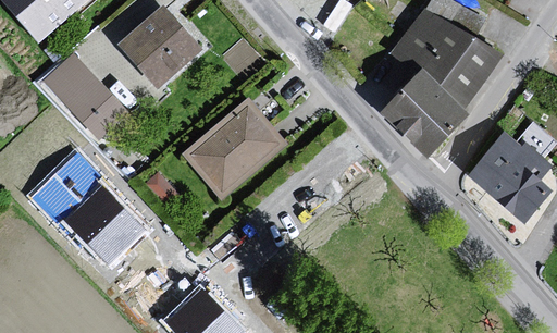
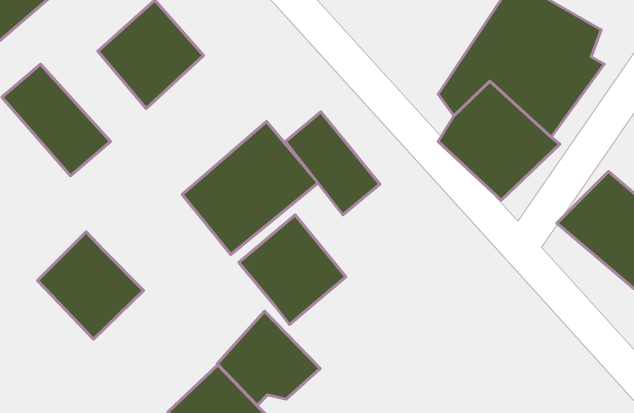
building: none -> [285,112,380,215]
building: none -> [239,215,346,325]
building: none -> [217,311,320,405]

